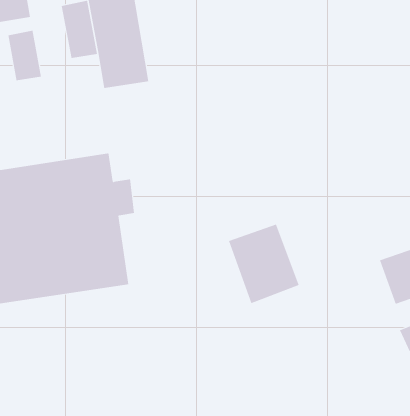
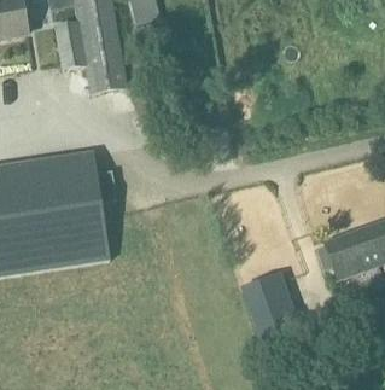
building: [8,30,41,81] -> none
building: [228,224,300,304] -> [240,272,301,339]

